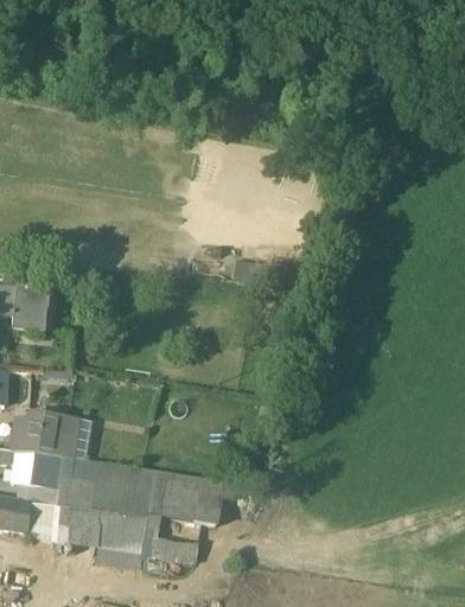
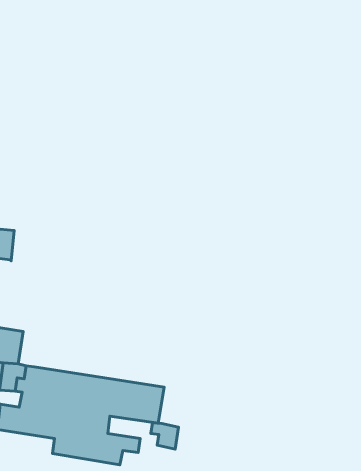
building: [53,416,78,458] -> none
building: none -> [151,423,179,449]

